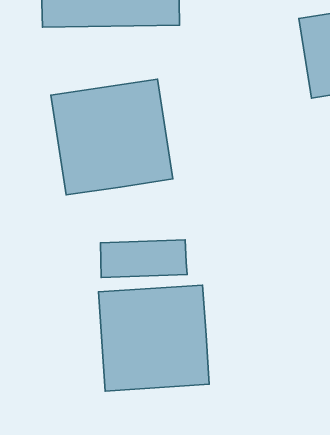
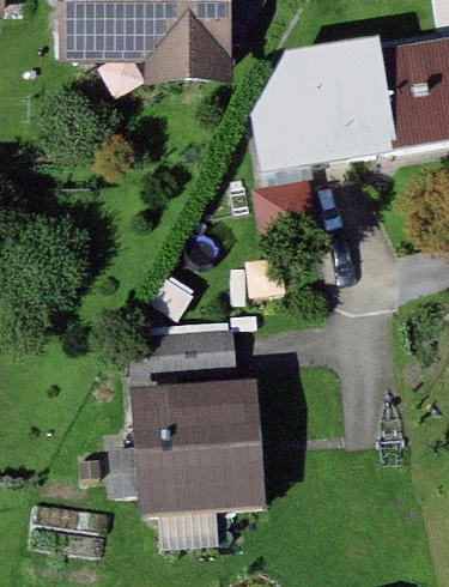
building: none -> [253,41,394,170]
building: [51,79,173,195] -> none

